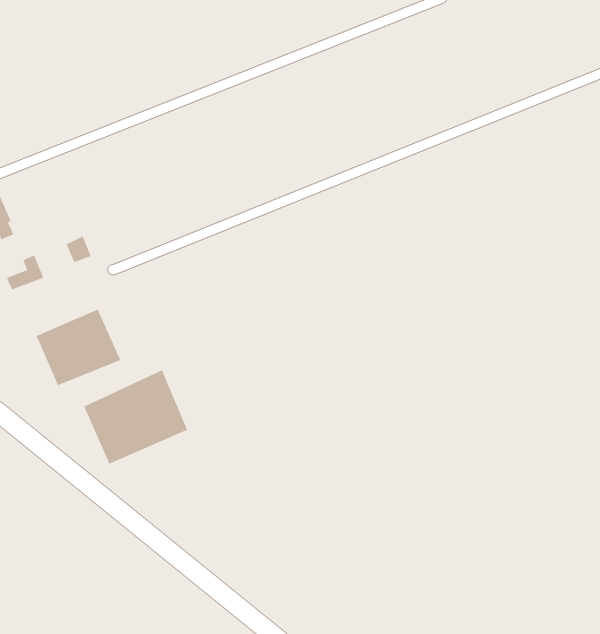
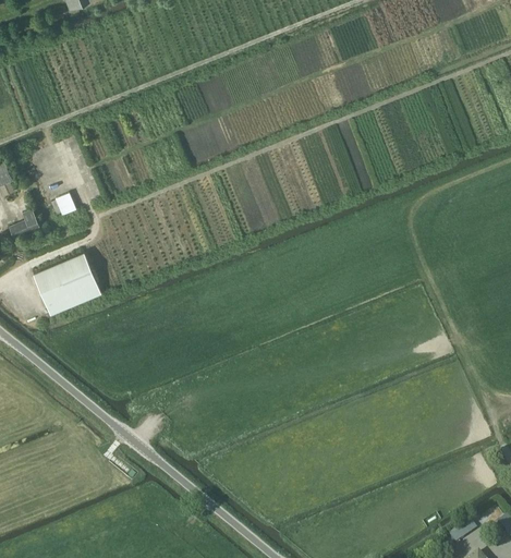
building: [84,370,188,465] -> none

